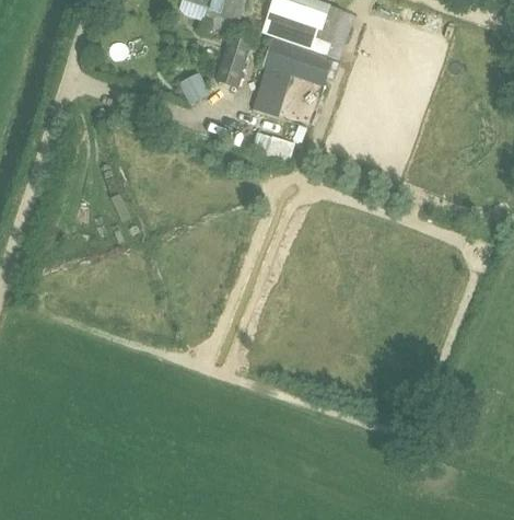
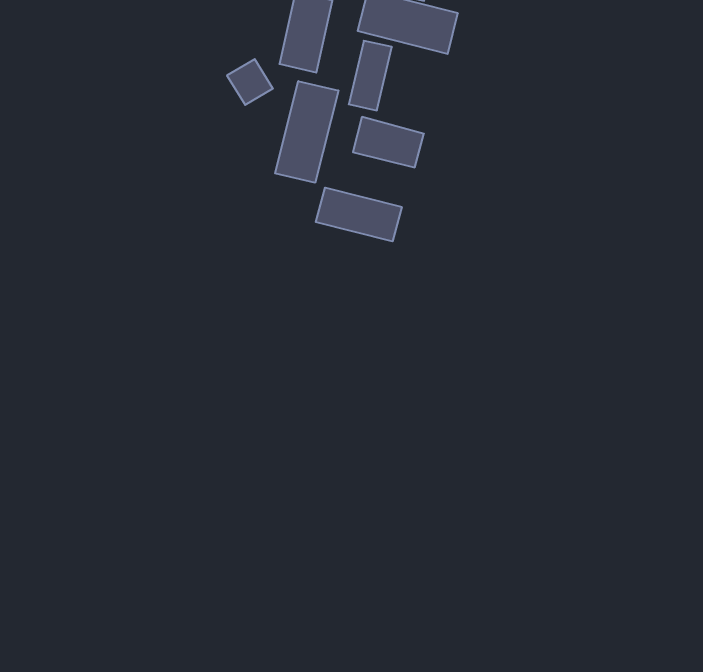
building: none -> [275,81,338,183]
building: none -> [316,188,402,241]

